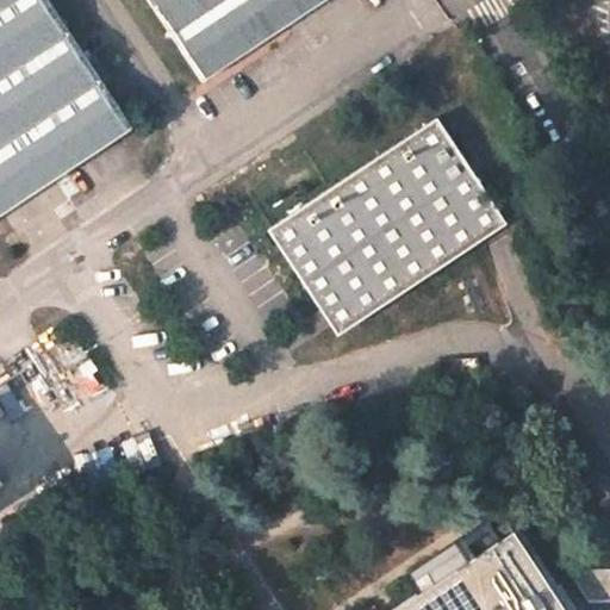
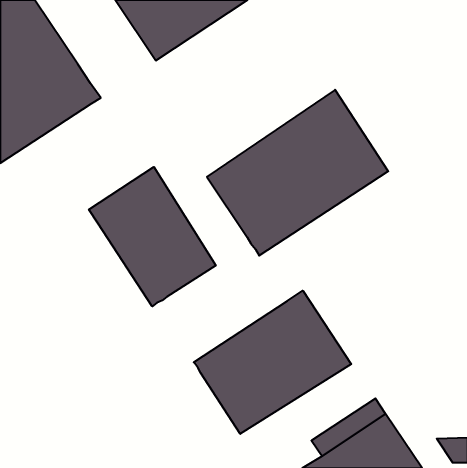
building: none -> [89,167,216,306]
building: none -> [194,291,351,434]

